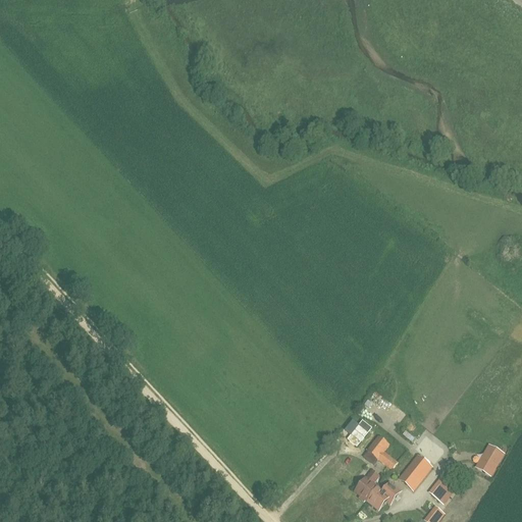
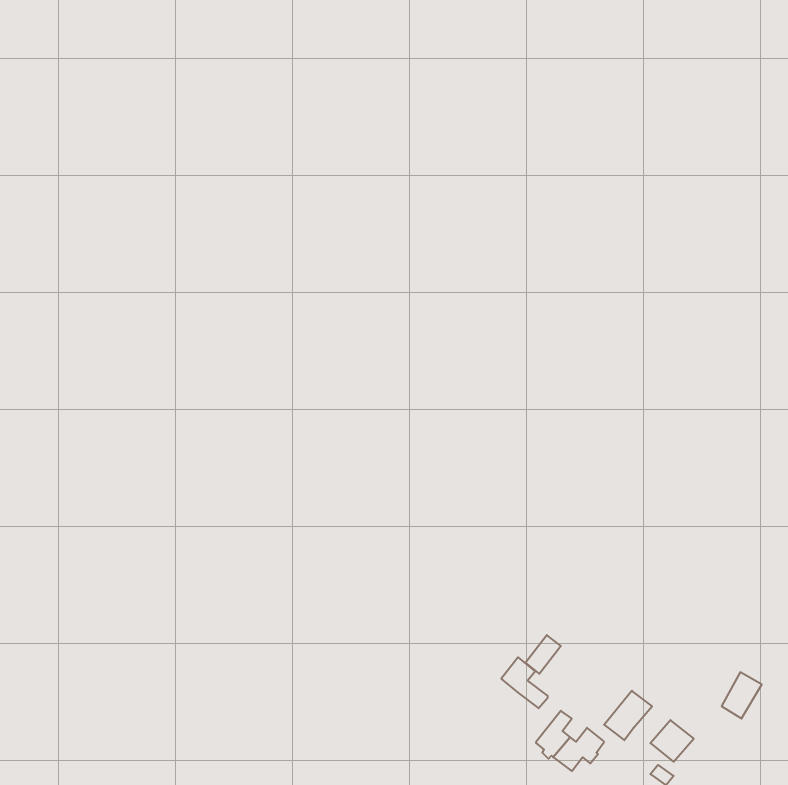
building: [366,434,397,468] -> [501,657,548,708]

